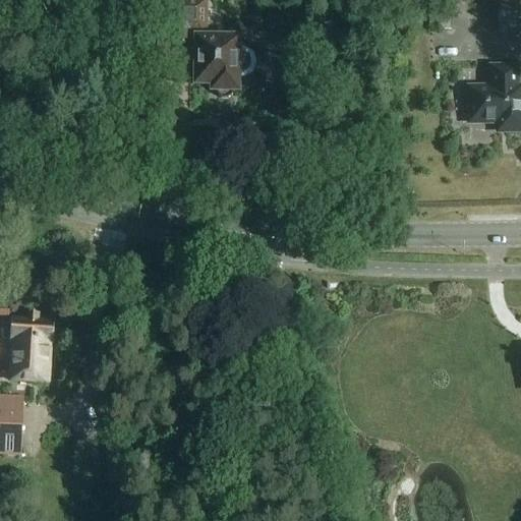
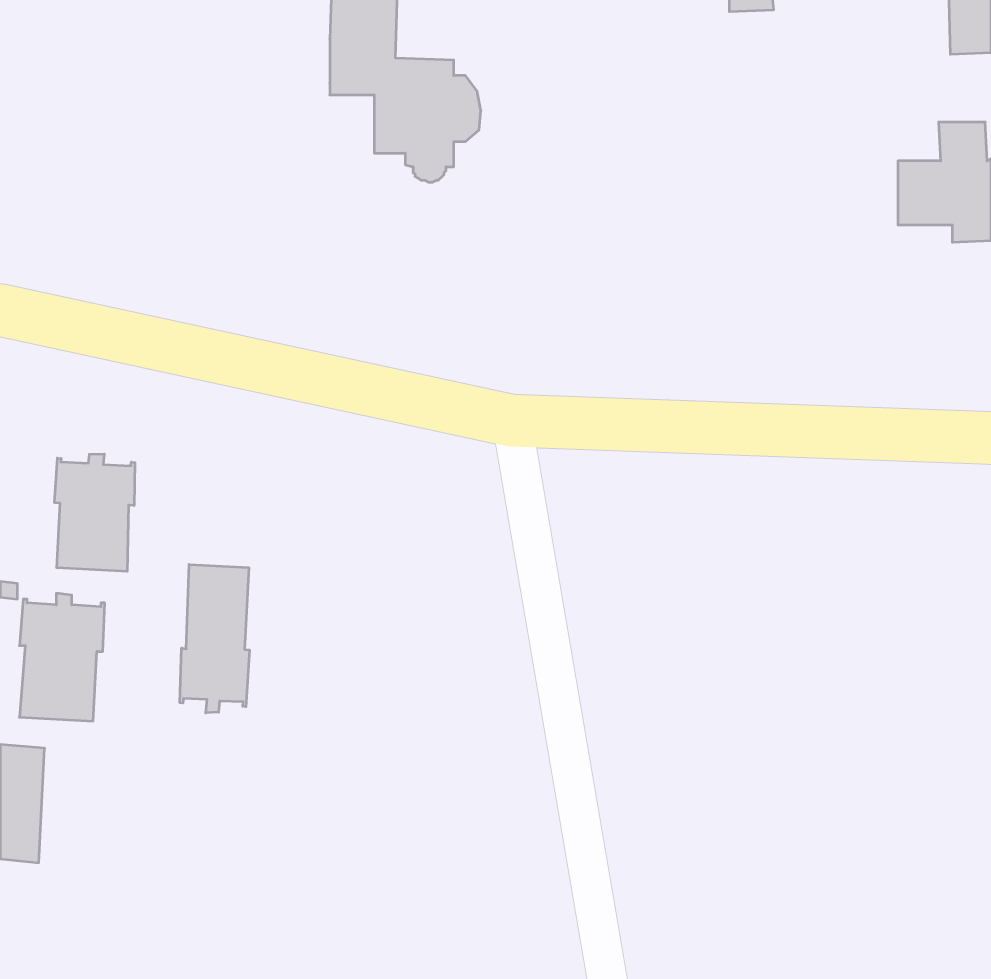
building: none -> [55,454,135,571]
building: none -> [180,564,249,713]

